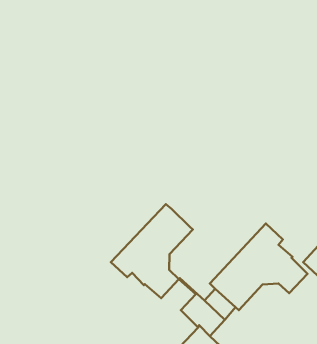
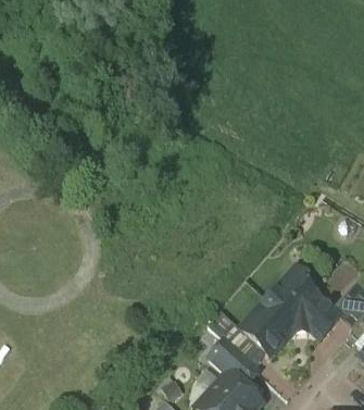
building: [111,204,193,298] -> none

